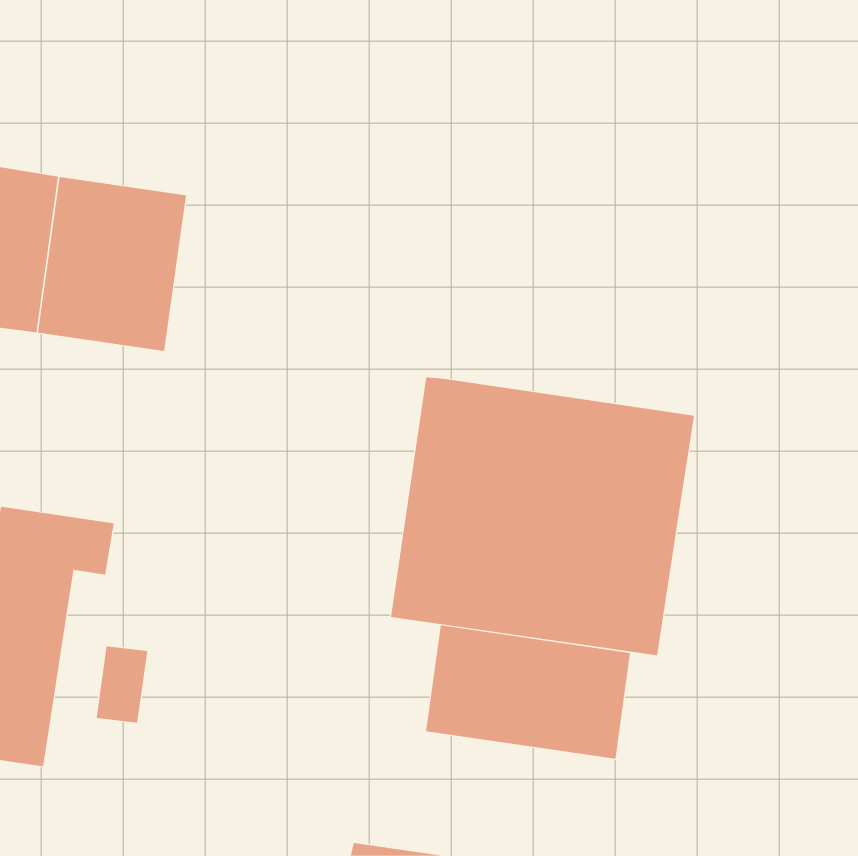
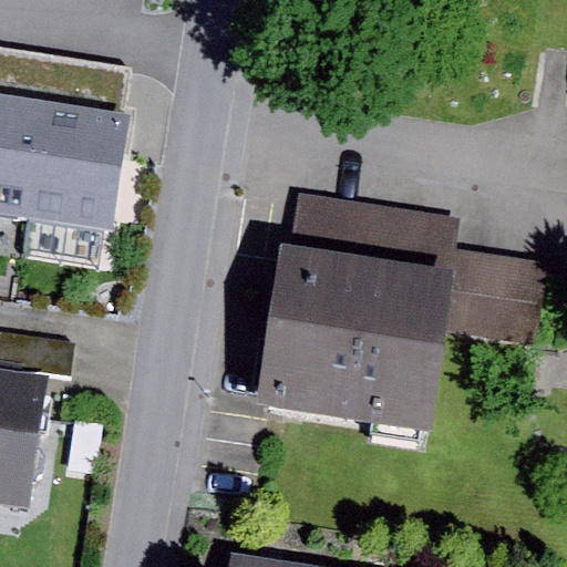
building: none -> [292,194,514,338]
building: [426,624,631,760] -> none

